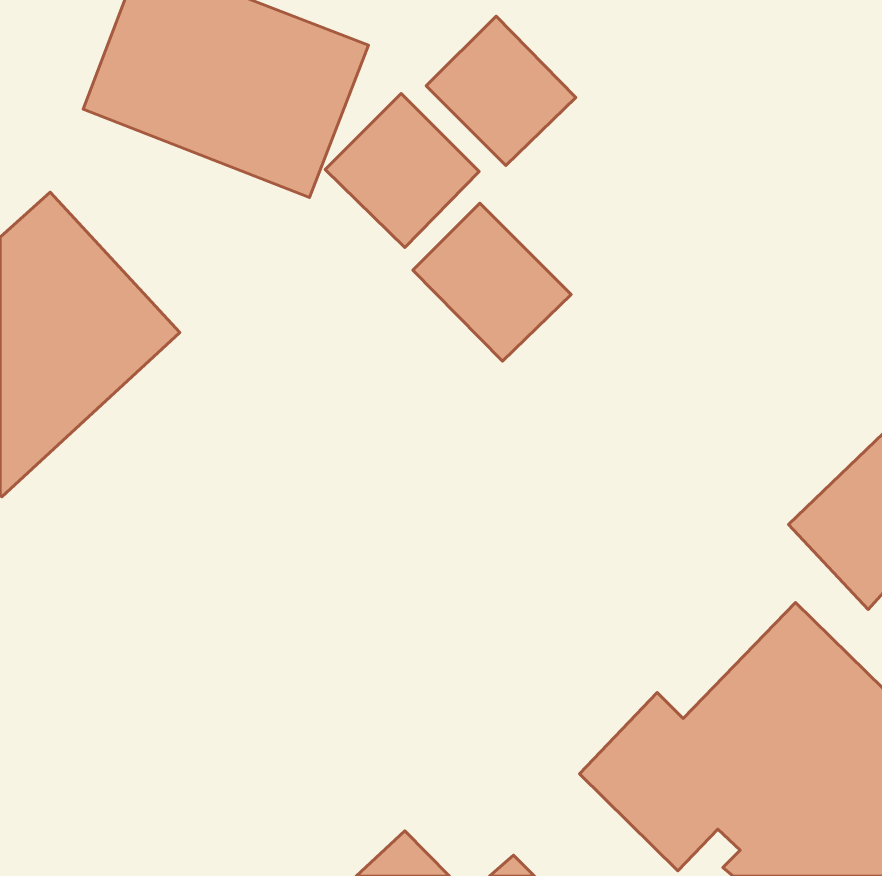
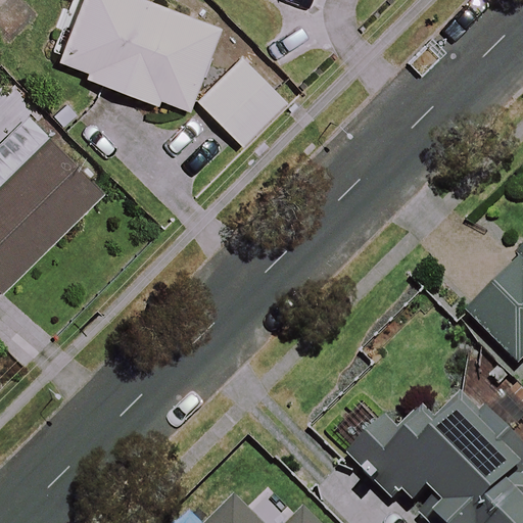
building: [426,16,576,166] -> none
building: [413,203,571,361] -> none

